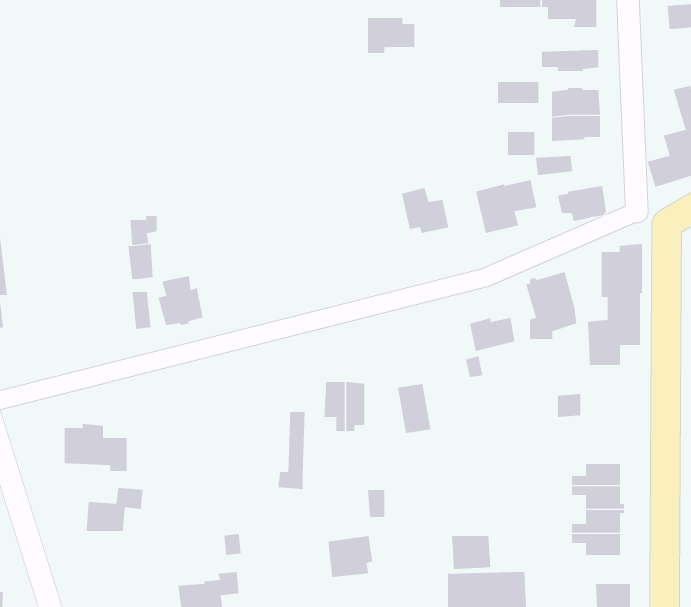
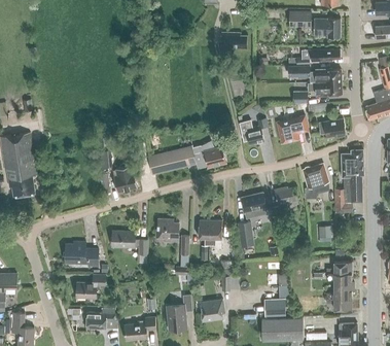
building: none -> [147,140,226,174]
building: none -> [242,192,268,217]
building: none -> [157,218,178,241]
building: none -> [112,231,147,253]
building: none -> [168,293,192,328]
building: none -> [86,309,115,327]

